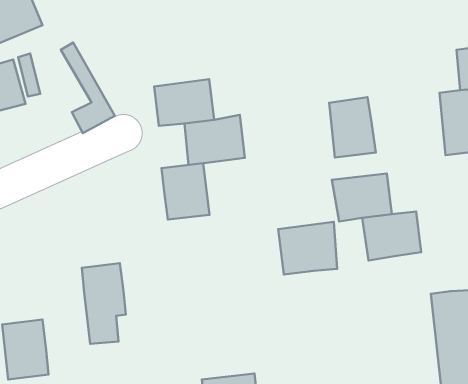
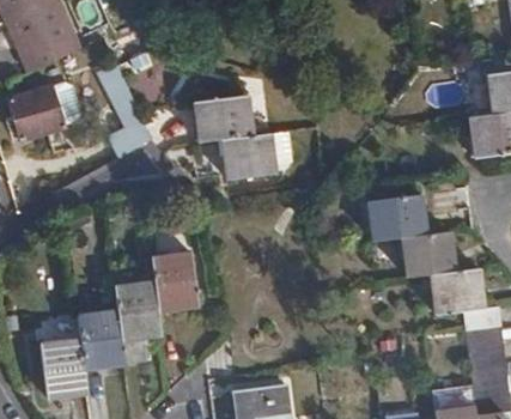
building: [329,97,376,157] -> none
building: [162,163,209,220] -> [156,253,202,308]
building: [278,222,337,274] -> none
building: none -> [428,266,481,315]
building: none -> [80,309,129,365]

